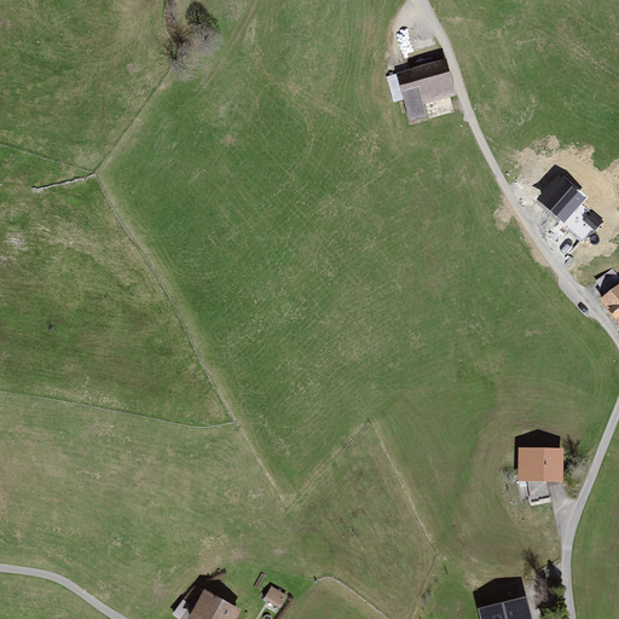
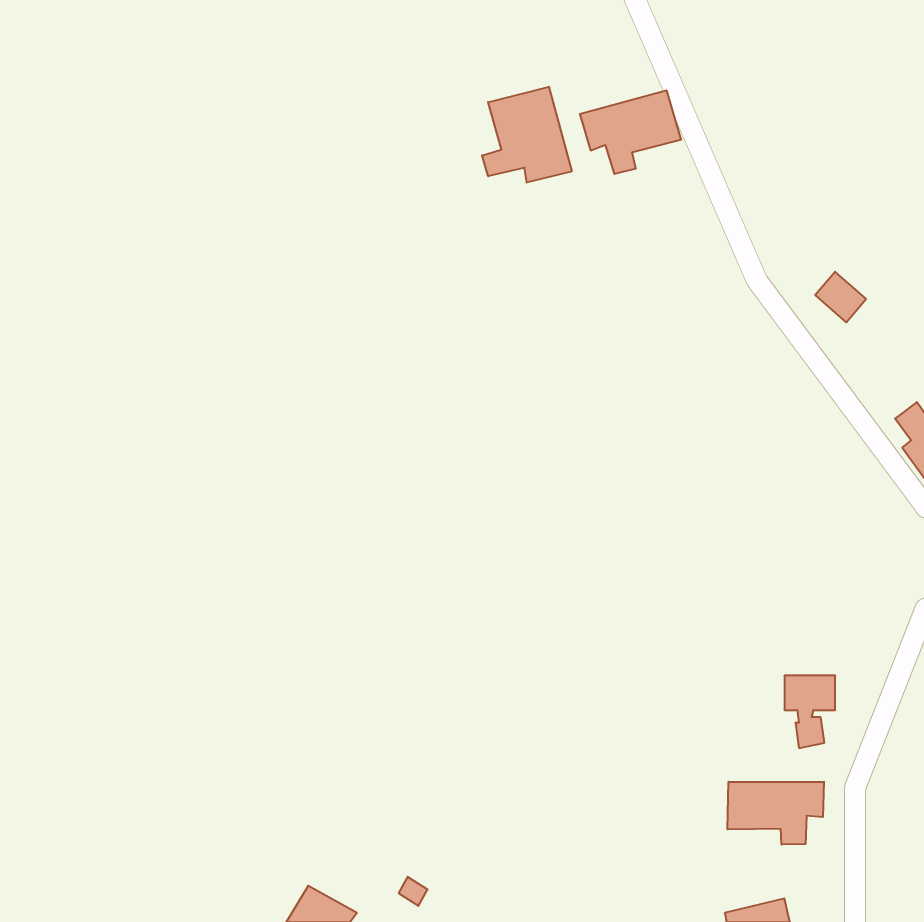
building: none -> [482,87,572,183]
building: none -> [727,782,824,845]

